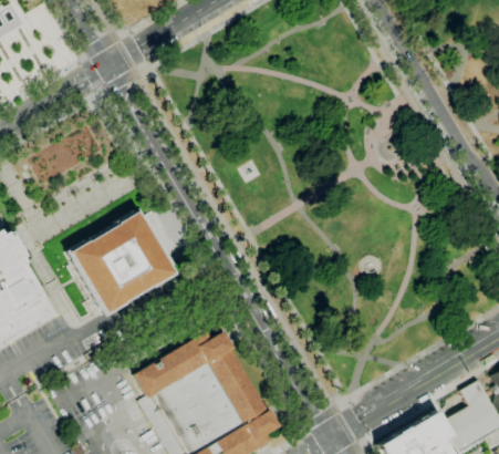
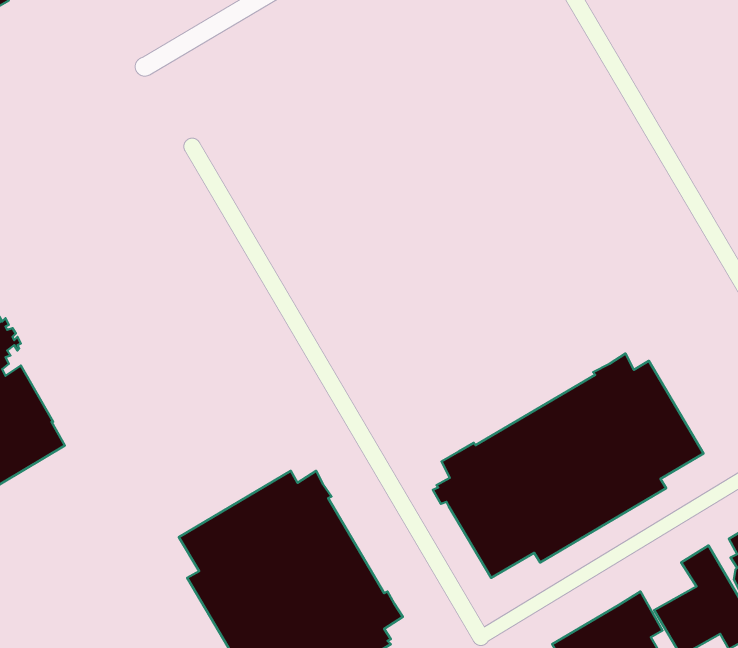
building: [65,208,177,317] -> none
building: none -> [433,353,703,578]

